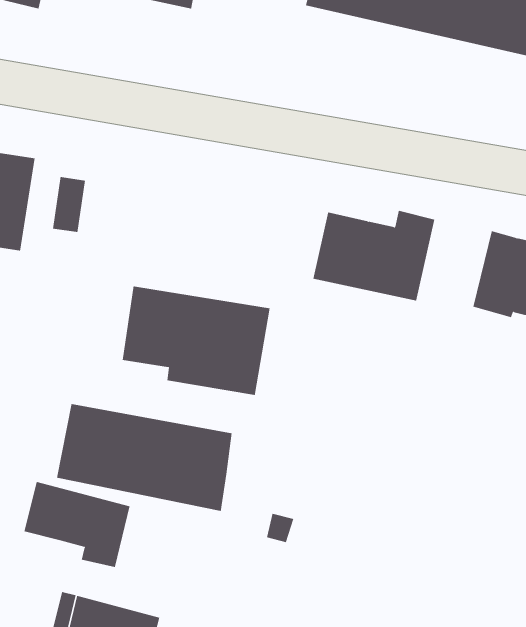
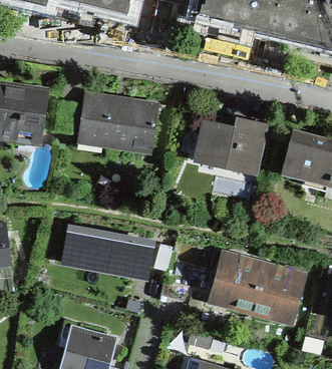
building: [122,286,271,395] -> [78,93,158,152]
building: none -> [215,259,303,318]
building: [24,481,130,568] -> none

